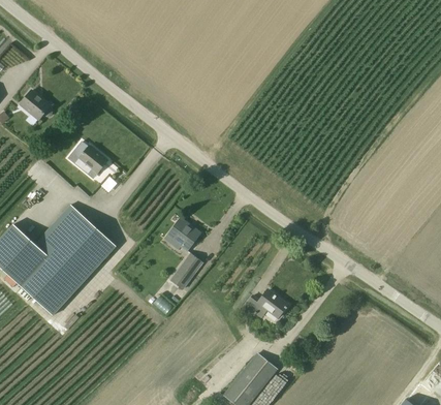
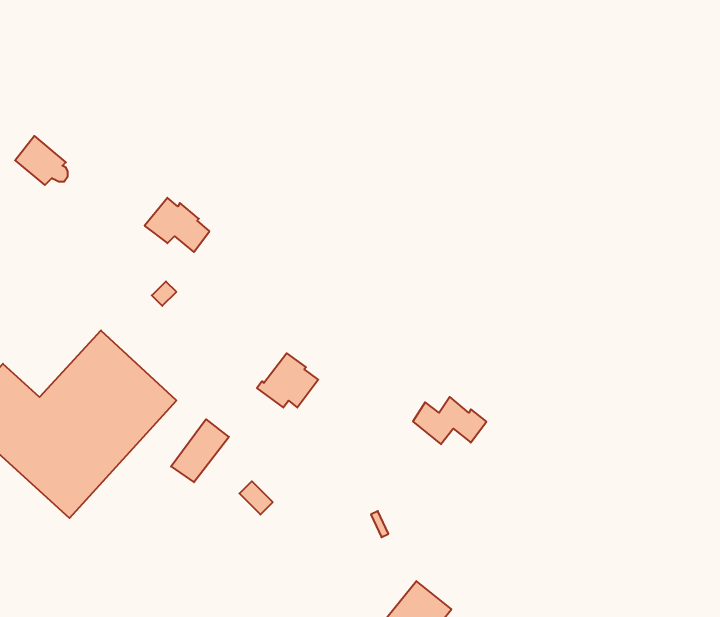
building: [68,142,106,174] -> [145,198,209,252]
building: [169,252,203,289] -> [171,419,229,482]
building: [245,290,288,318] -> [413,397,486,444]

